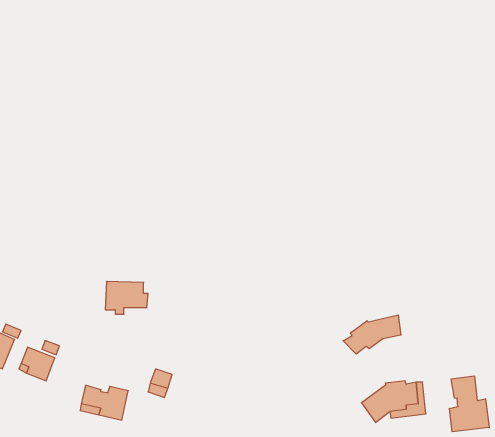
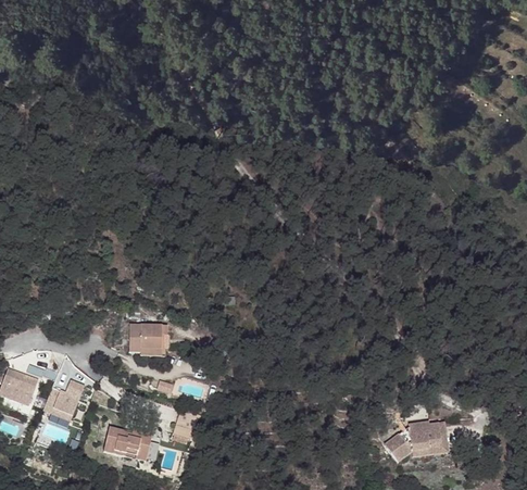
building: [343,315,401,354] -> none
building: [449,376,489,432] -> none

